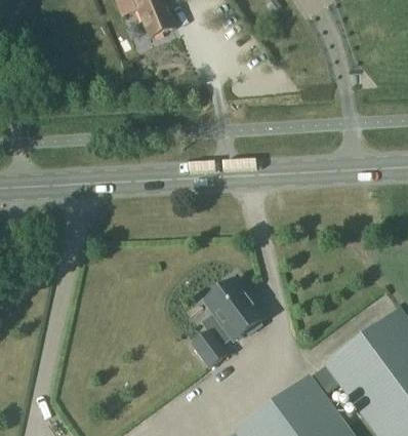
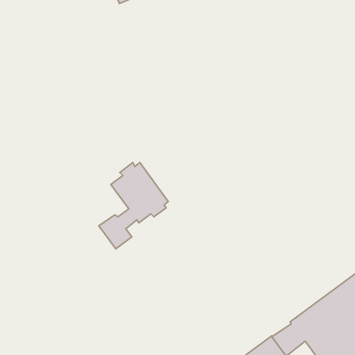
building: [192,277,262,365] -> [99,162,168,249]

